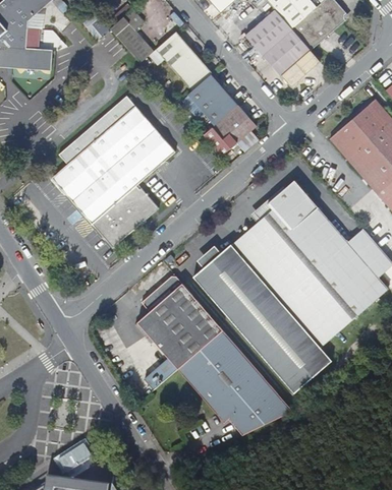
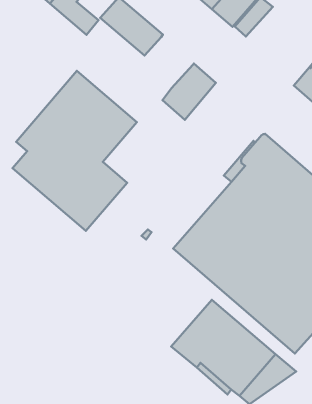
building: [186,75,236,125] -> none
building: [136,273,222,369] -> none

